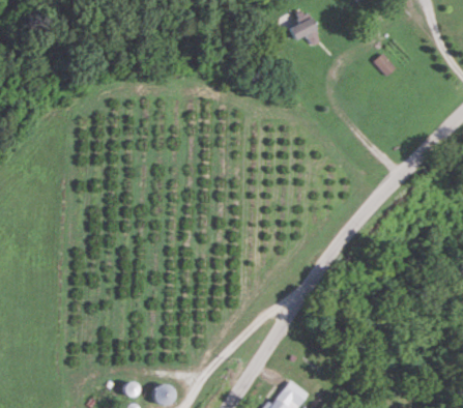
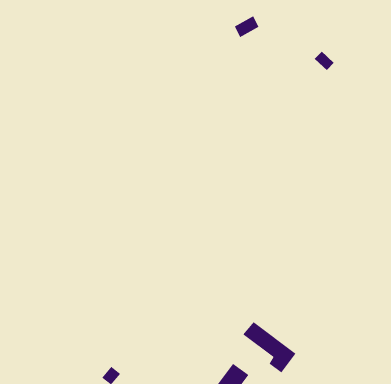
building: none -> [242,321,296,374]

